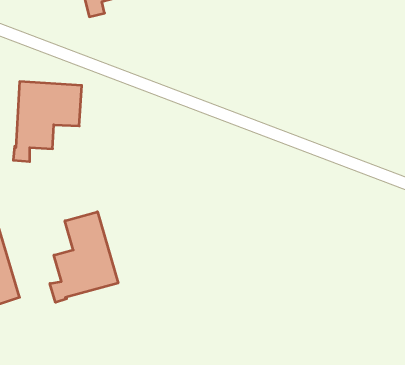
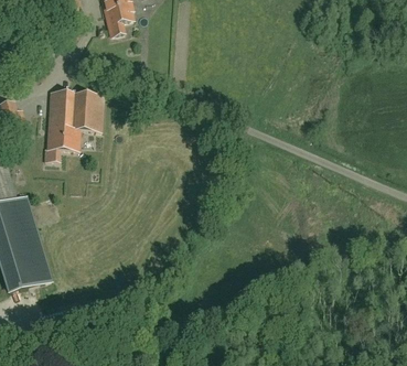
building: [50,212,118,302] -> none

